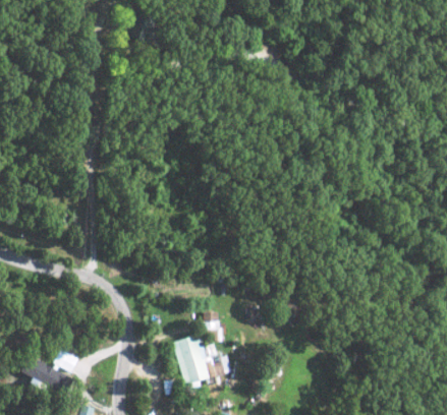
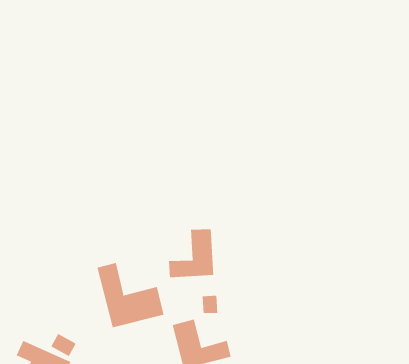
building: none -> [168,228,214,278]
building: none -> [97,262,164,328]

